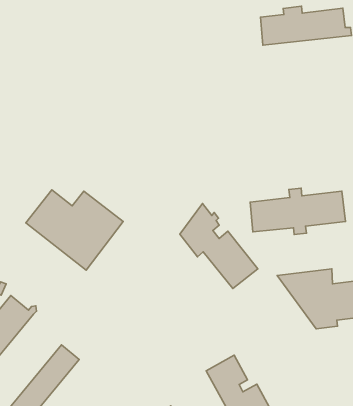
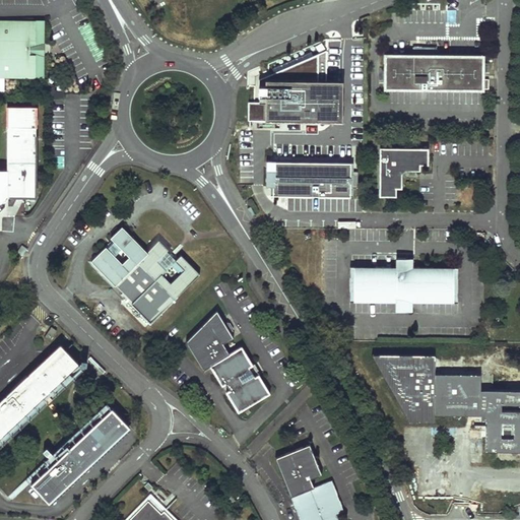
building: none -> [247,50,342,122]
building: none -> [380,146,429,195]
building: none -> [266,162,358,195]
building: [180,204,258,289] -> [186,310,271,412]

